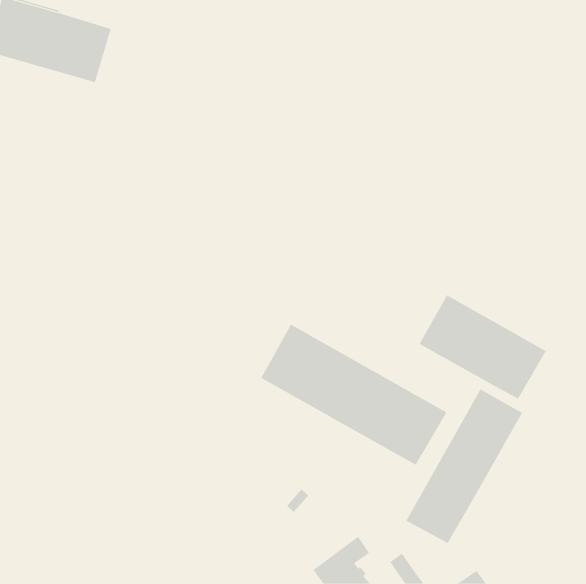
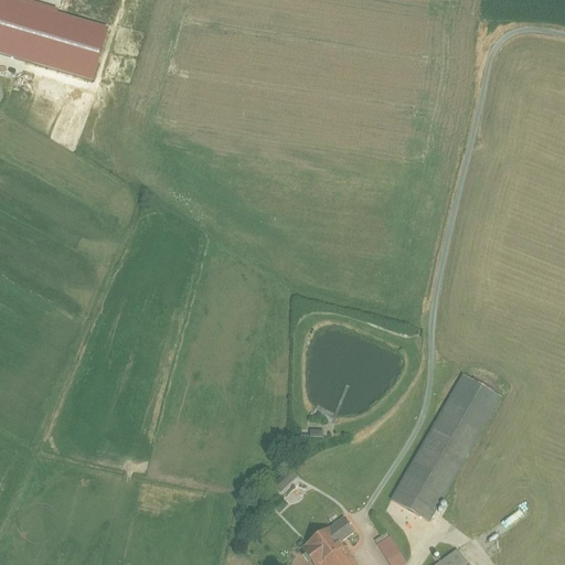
building: [419,295,546,400] -> none
building: [260,324,447,465] -> none

